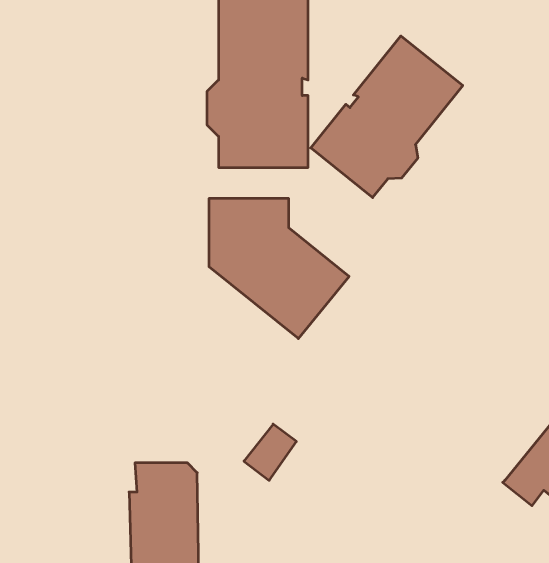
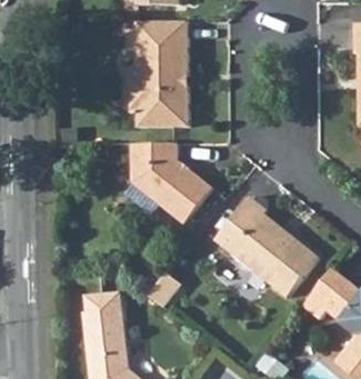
building: [311,36,463,198] -> none
building: none -> [213,196,318,297]

